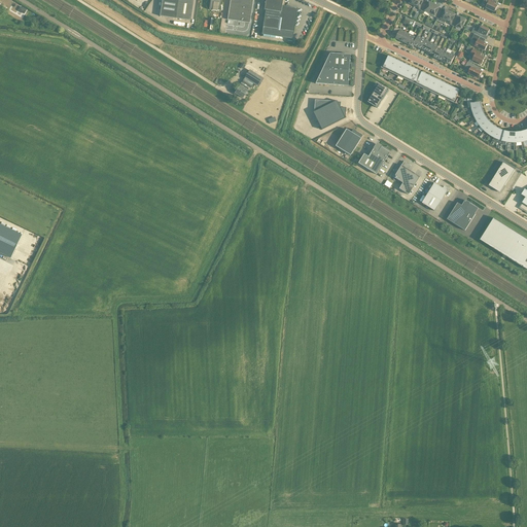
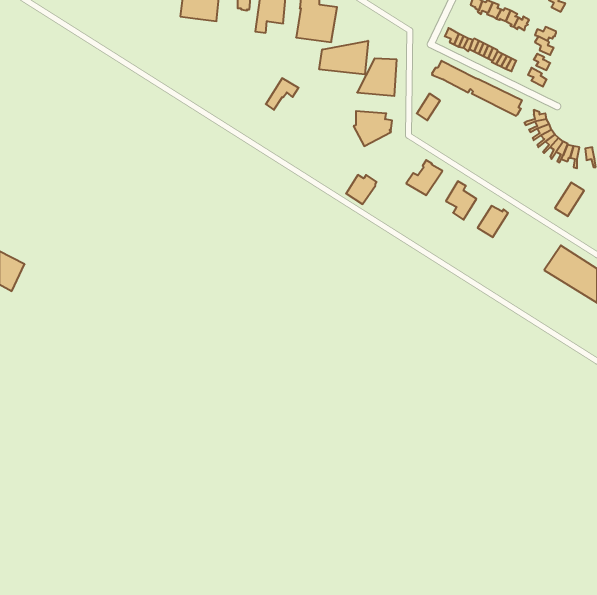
building: none -> [319,41,368,75]
building: [335,128,361,153] -> [346,175,377,204]
building: [447,199,478,229] -> none

